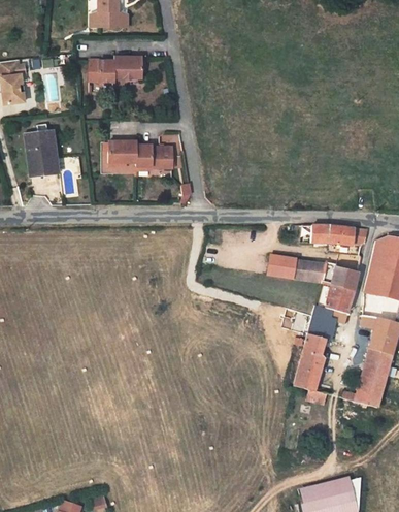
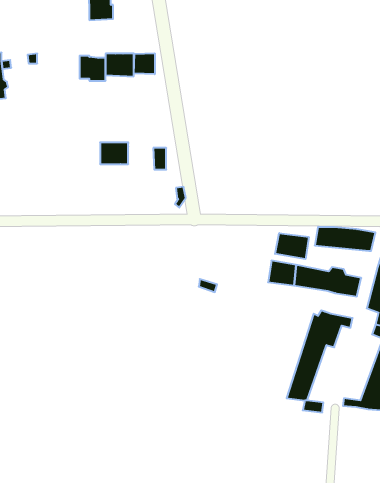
building: none -> [134,53,155,74]
building: [25,130,56,178] -> none
building: [136,148,161,169] -> none
building: none -> [275,233,309,259]
building: [329,287,354,311] -> none

